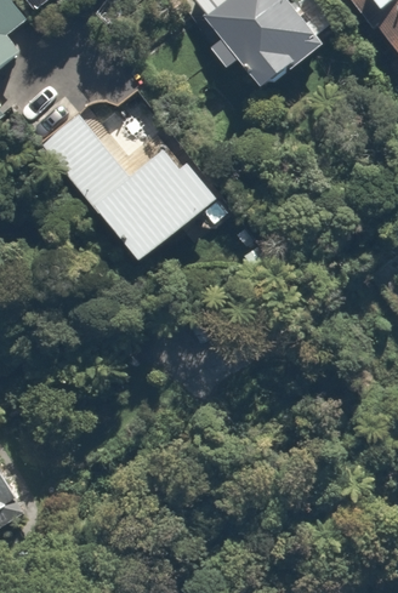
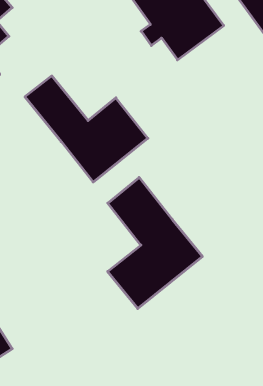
building: none -> [108,177,202,309]

